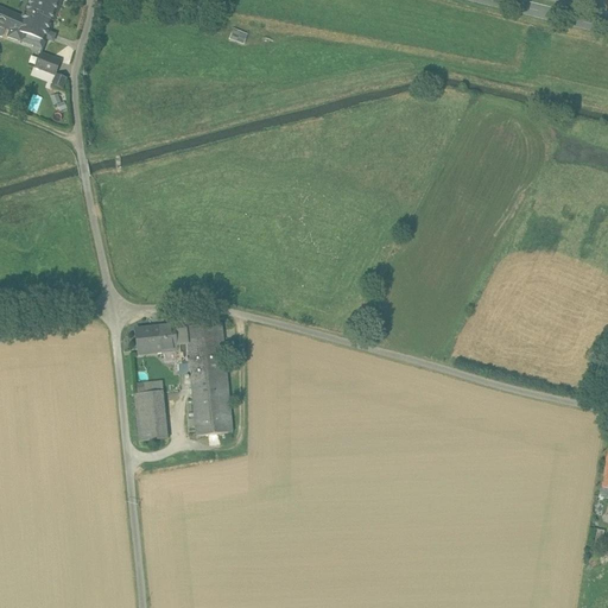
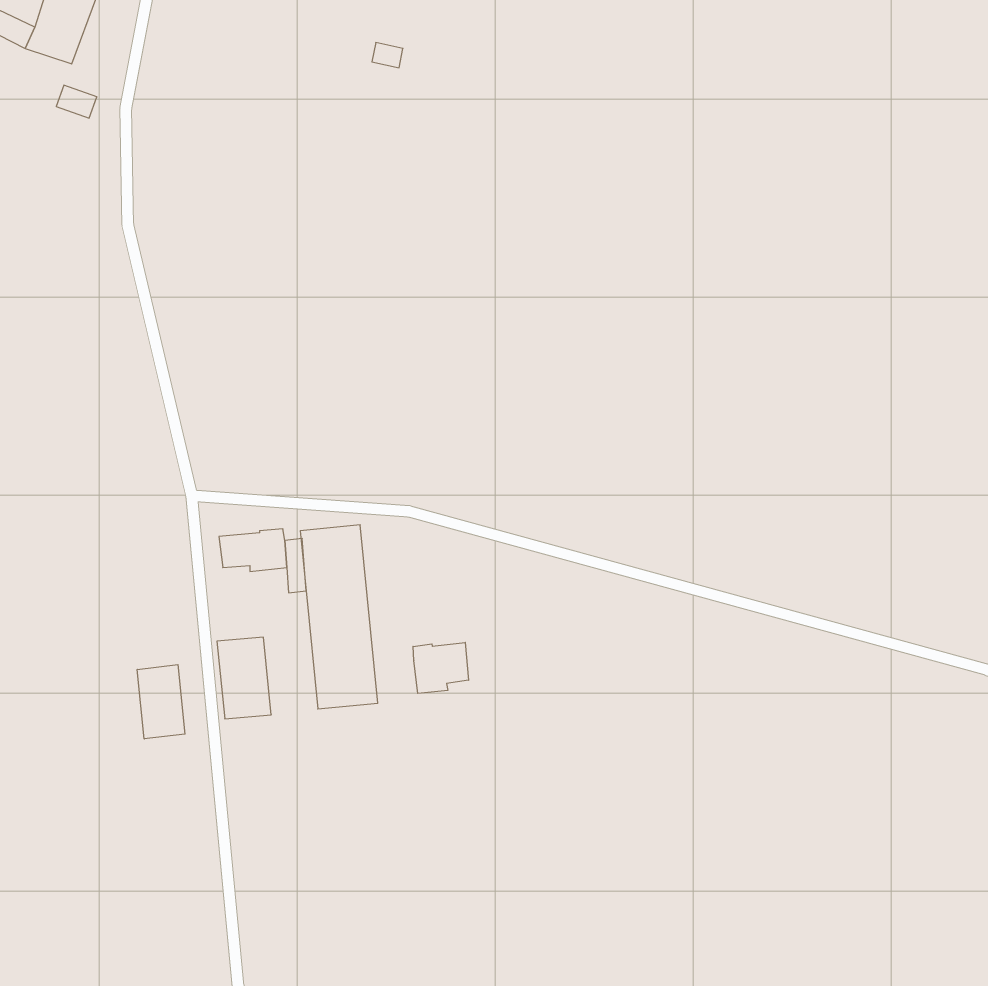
building: none -> [413,642,469,693]
building: none -> [137,665,185,739]

